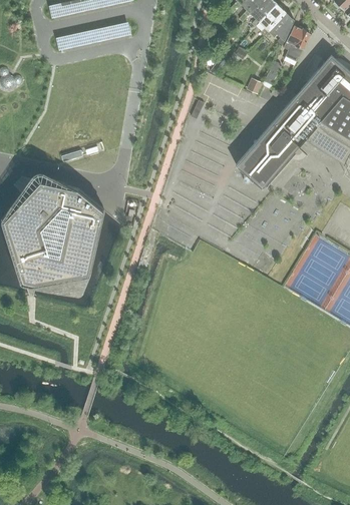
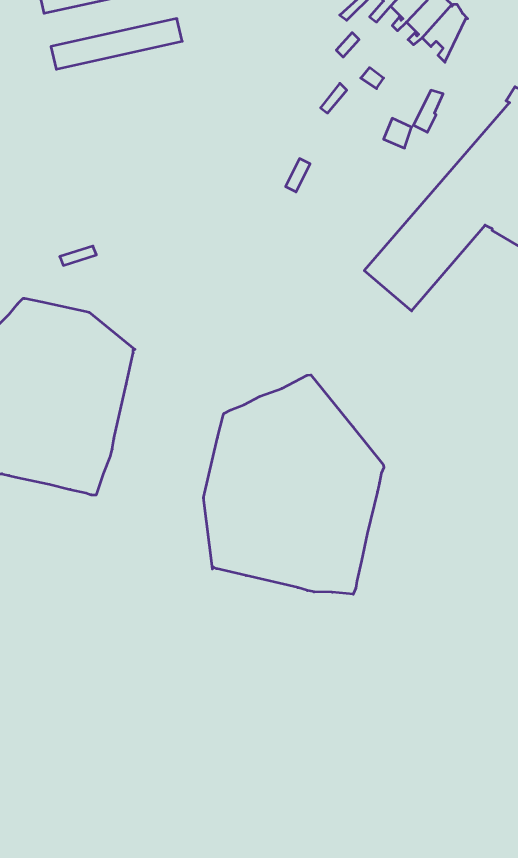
building: [283,25,309,61] -> none
building: none -> [204,375,384,594]

